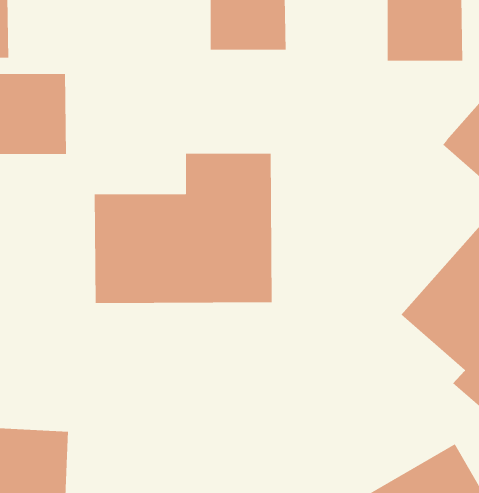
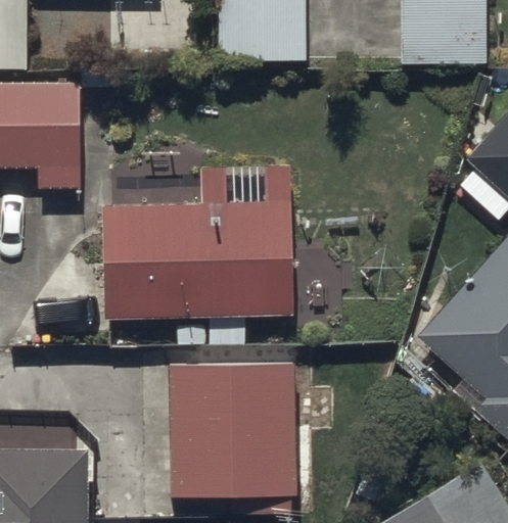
building: none -> [169,363,294,500]

